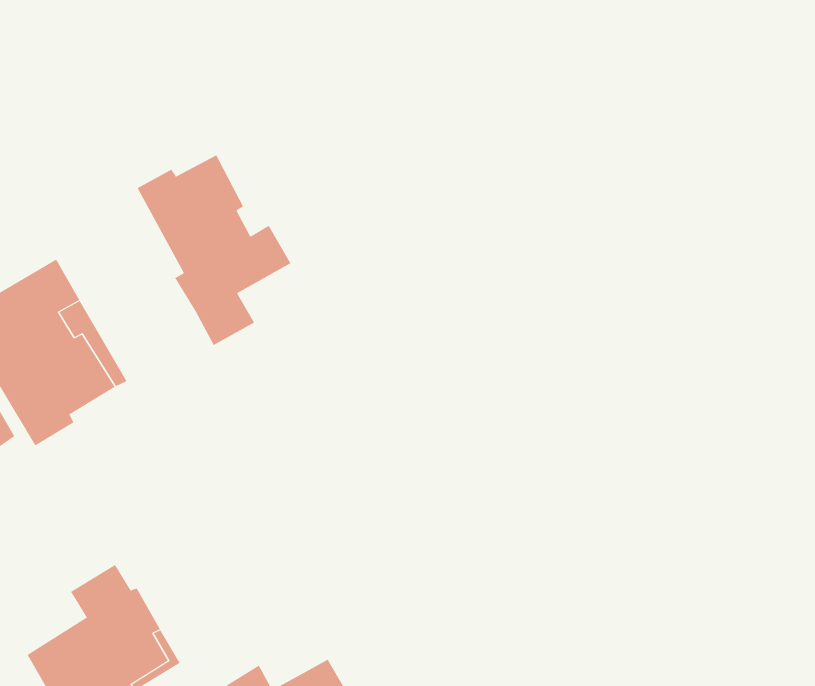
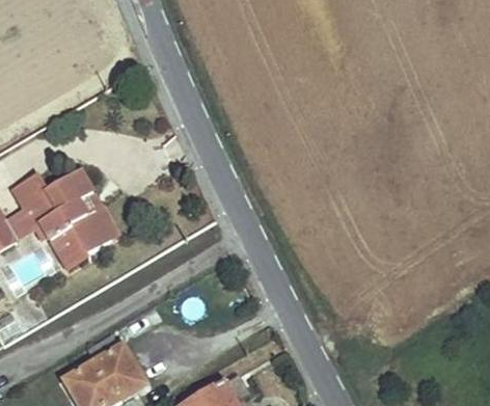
building: [137,154,291,346] -> none

